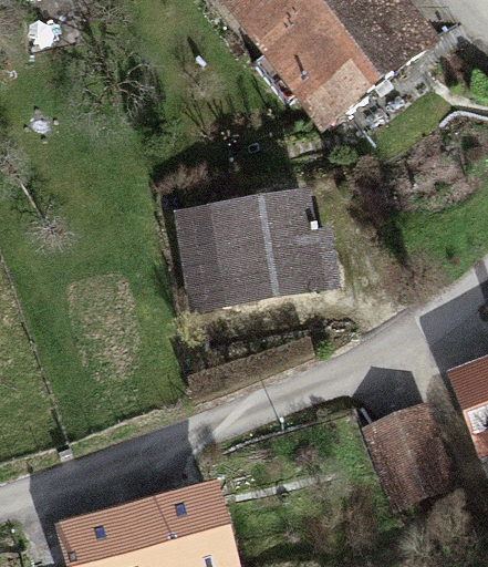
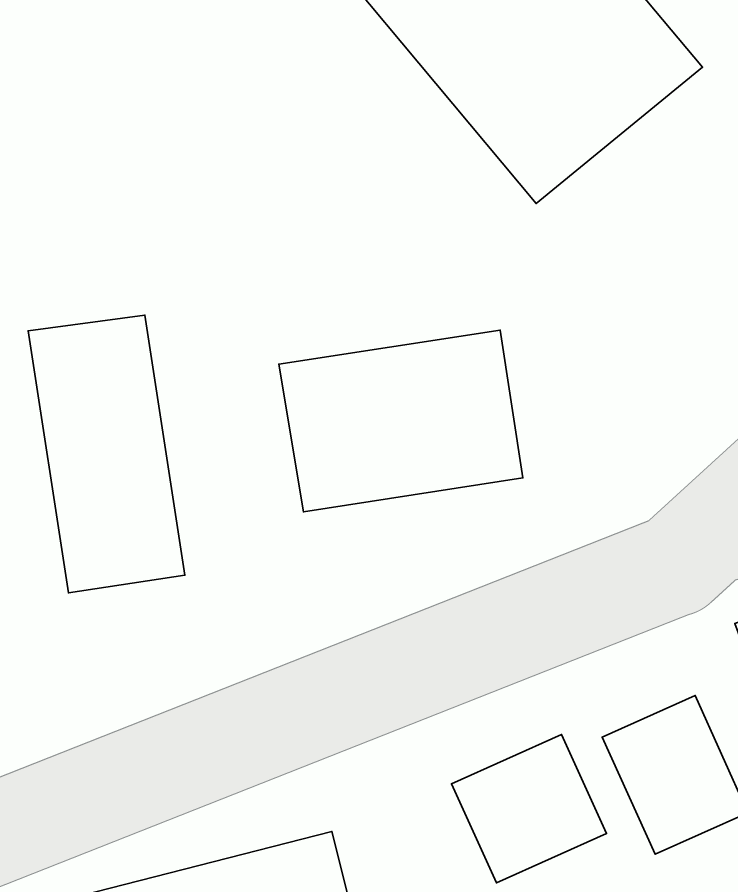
building: none -> [28,315,185,593]
building: none -> [452,734,606,883]

